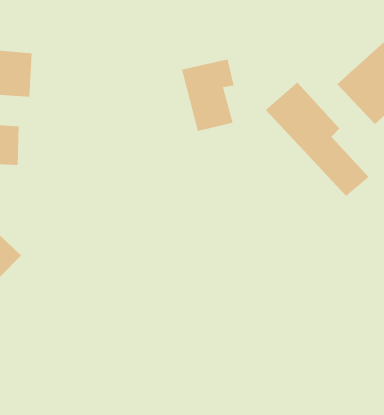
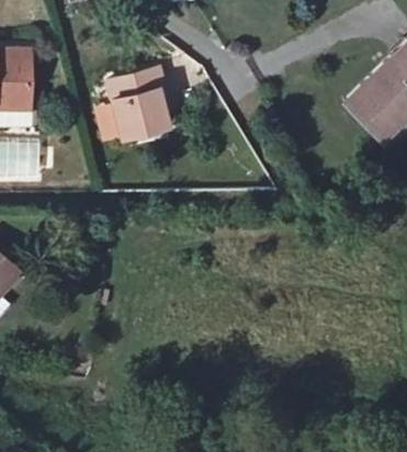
building: [181,59,235,131] -> [106,68,161,143]
building: [265,82,369,197] -> none

